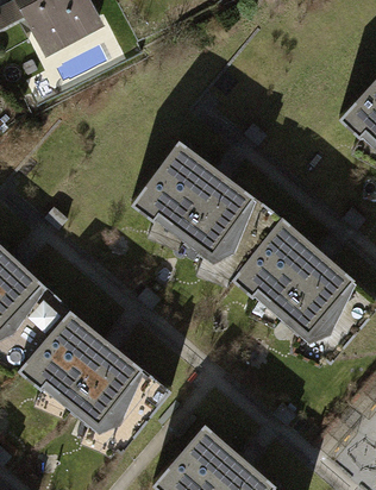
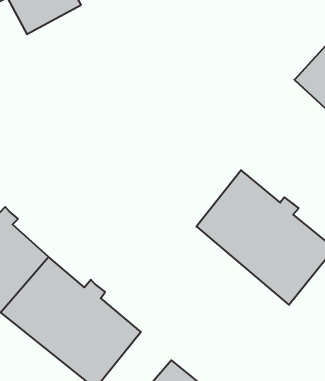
building: [126,136,276,274] -> none

